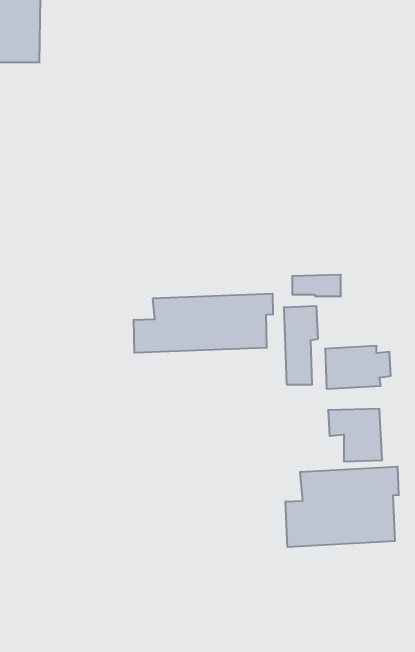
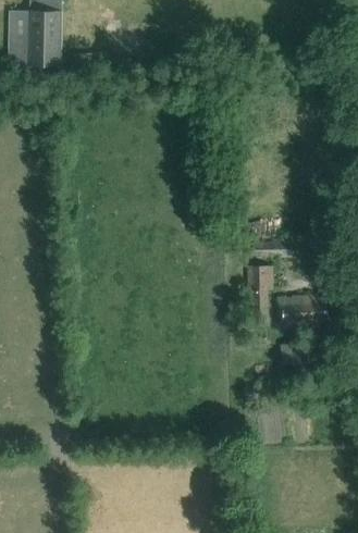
building: [134,294,273,353] -> none
building: [286,466,399,547] -> none

